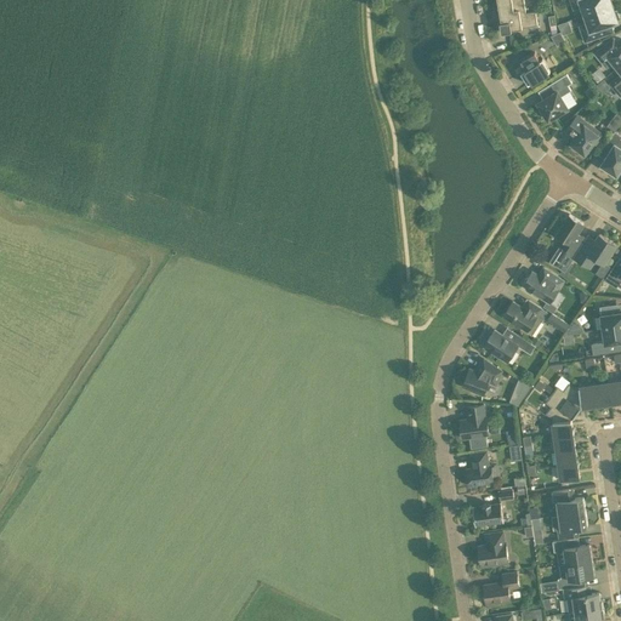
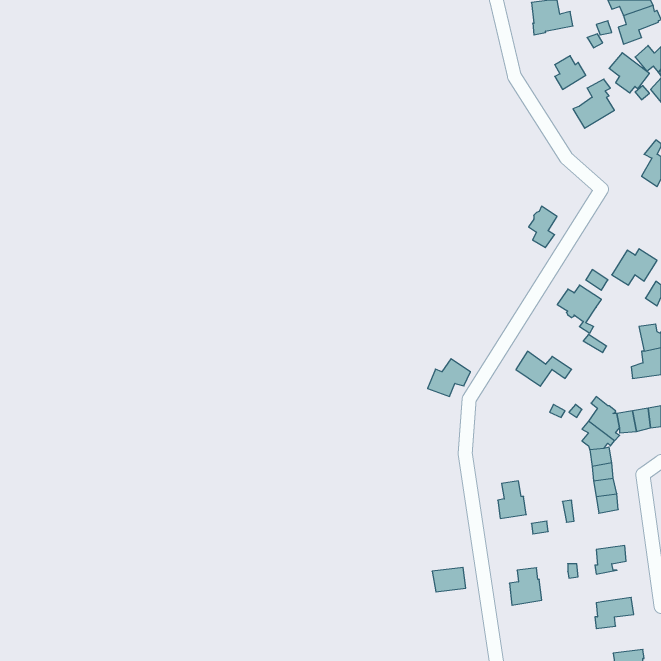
building: [564,116,602,154] -> [609,53,649,93]
building: [556,215,582,253] -> [529,206,557,248]
building: [502,301,546,337] -> none
building: [461,359,501,394] -> [428,359,470,396]
building: [458,405,488,449] -> none
building: [551,489,585,515] -> none
building: [471,503,502,526] -> [432,567,466,592]
building: [551,539,591,564] -> none
building: [483,572,518,604] -> none
building: [562,586,602,613] -> none

